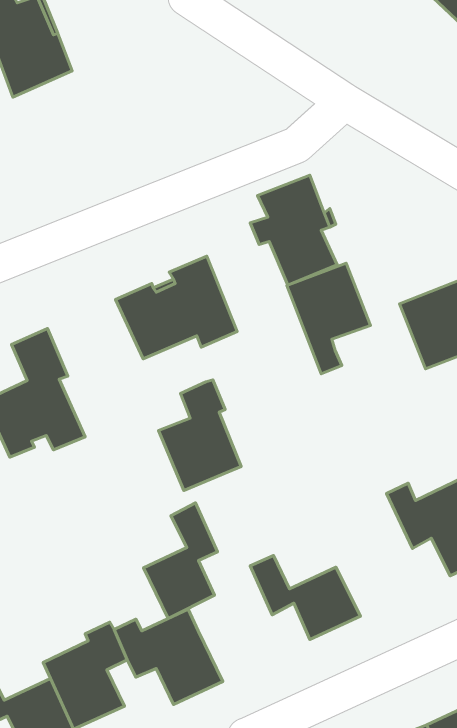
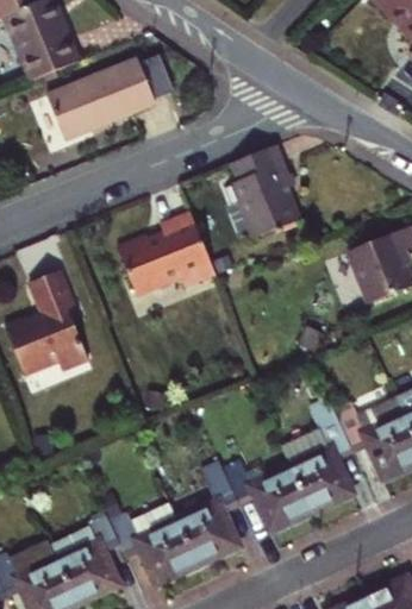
building: none -> [48,58,156,139]
building: [287,263,370,374] -> none
building: [158,380,241,491] -> none
building: none -> [295,401,358,508]
building: [143,503,217,618] -> [182,466,243,561]

